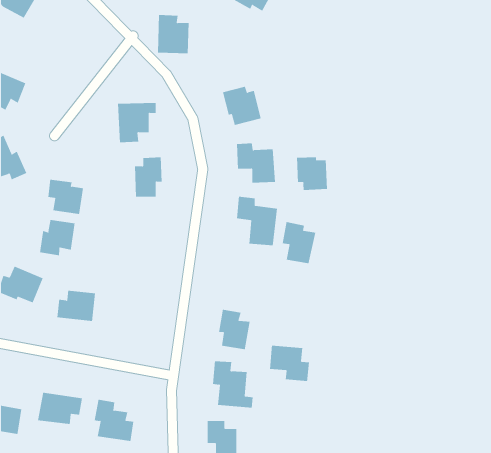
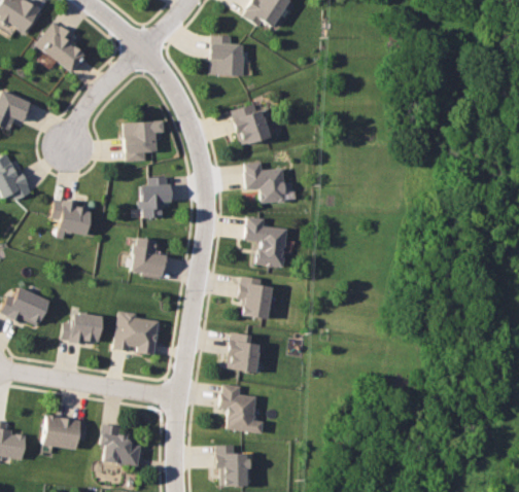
building: none -> [36,21,84,71]
building: [157,14,190,54] -> [210,35,243,75]
building: [297,156,327,191] -> none
building: none -> [131,237,167,276]
building: [40,219,75,256] -> none
building: [282,221,316,264] -> [238,276,273,319]
building: none -> [114,310,159,354]
building: [270,345,309,382] -> none

